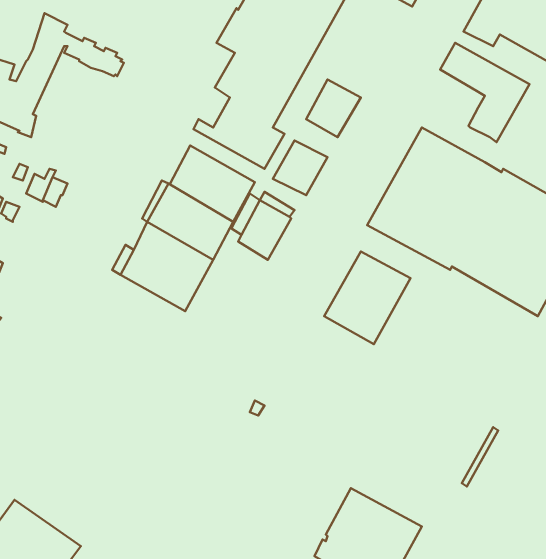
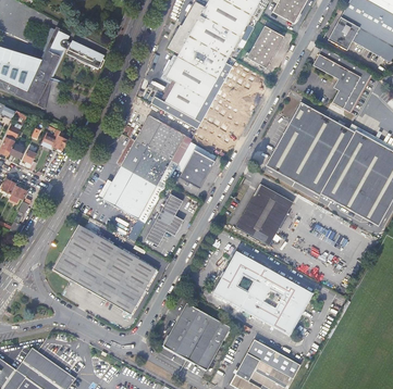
building: none -> [246,26,282,67]
building: none -> [146,194,183,244]
building: none -> [52,225,157,315]
building: none -> [212,250,312,332]
building: none -> [164,302,232,368]

